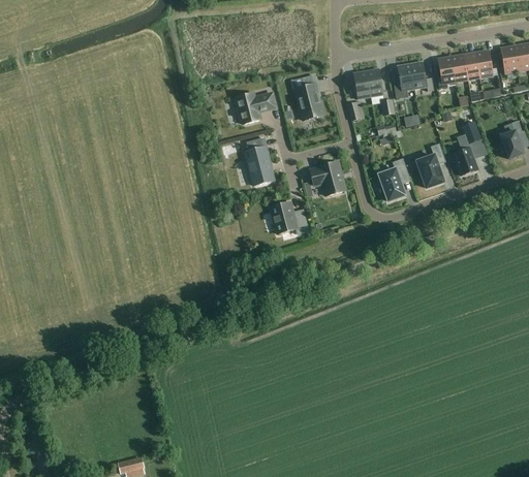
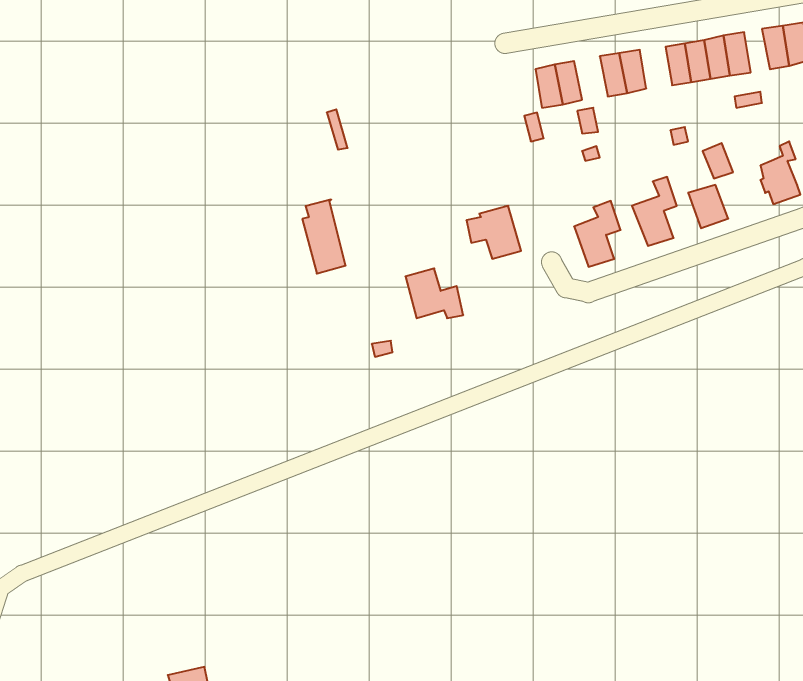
building: [295,74,322,120] -> none
building: [236,92,276,123] -> none
building: [245,137,273,185] -> [302,200,346,274]

